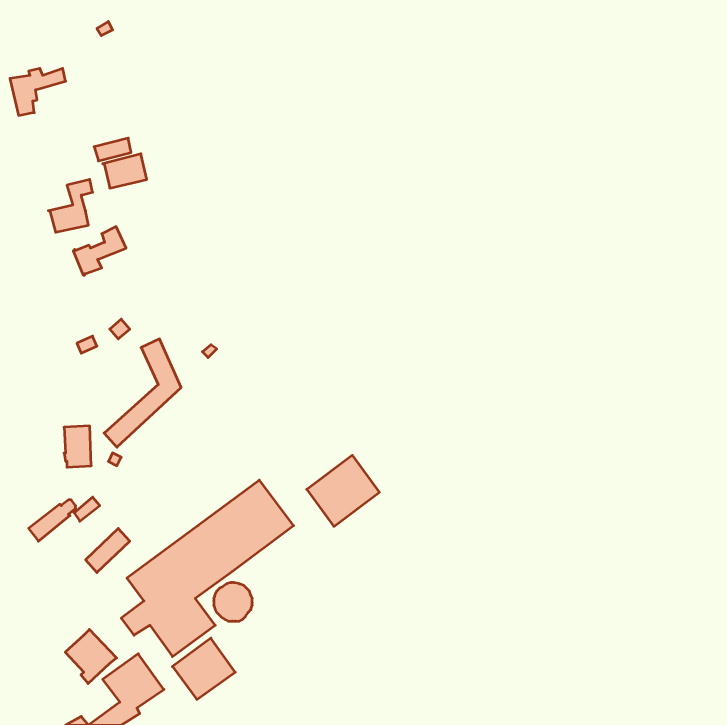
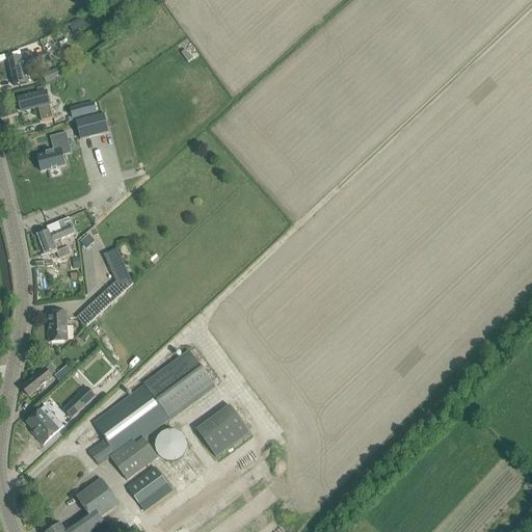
building: none -> [17,85,53,119]
building: [73,227,126,275] -> [36,216,75,251]
building: [307,455,379,526] -> [195,404,248,456]
building: [65,629,117,684] -> [26,404,63,444]

